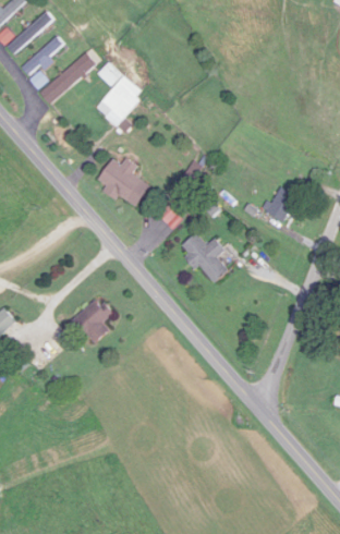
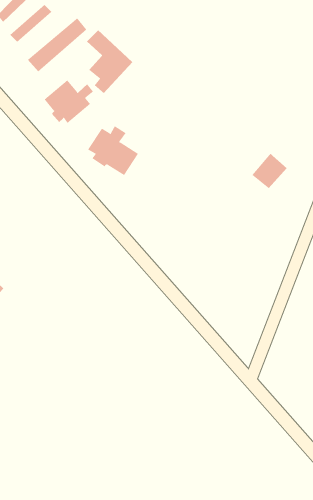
building: none -> [44,79,94,124]
building: [179,233,229,282] -> none
building: [73,298,112,344] -> none

